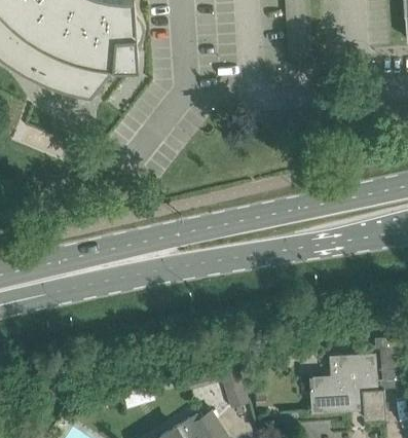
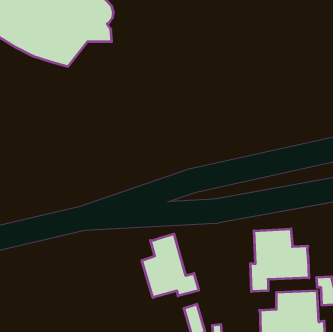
building: none -> [251,229,309,292]
building: none -> [142,234,199,298]

